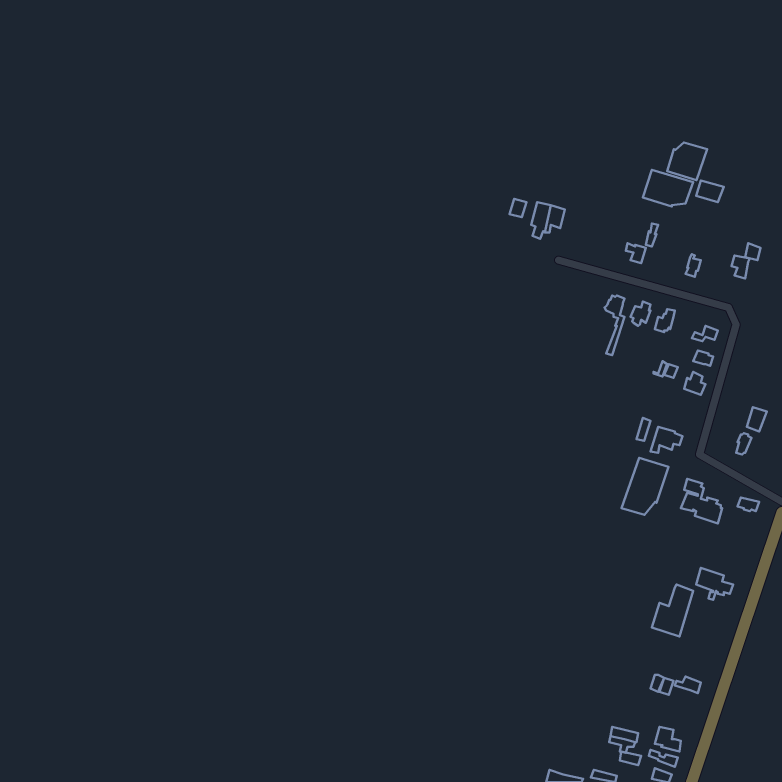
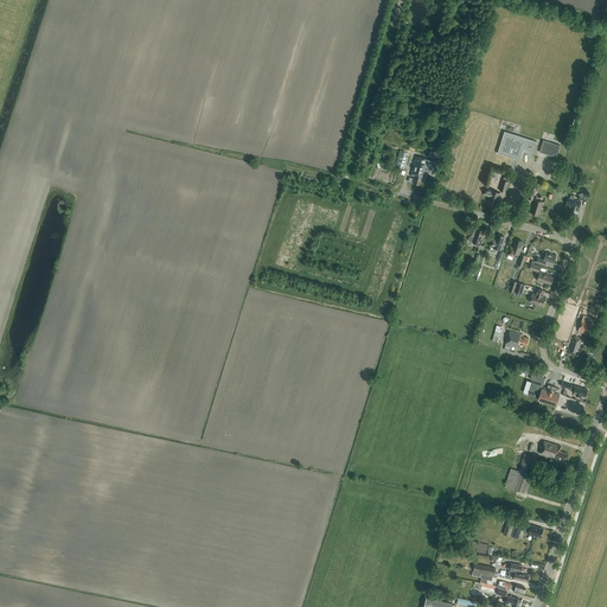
building: [667,143,707,180] -> none
building: [622,458,668,515] -> none

